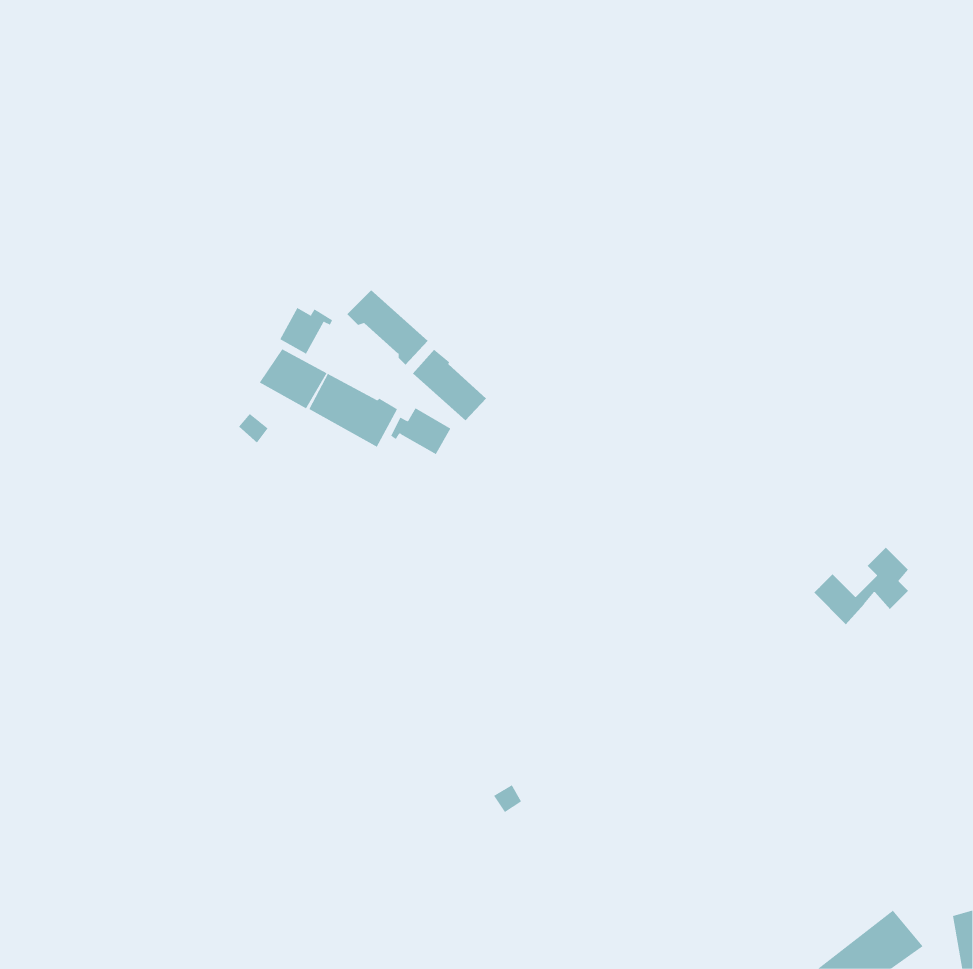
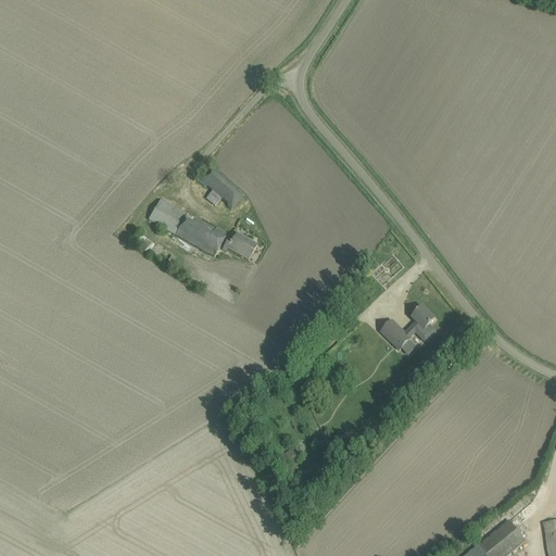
building: [279,307,333,354] -> none
building: [412,349,487,421] -> none
building: [814,547,909,625] -> [381,305,435,350]

